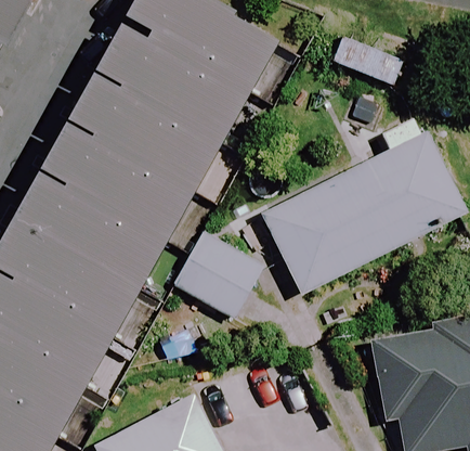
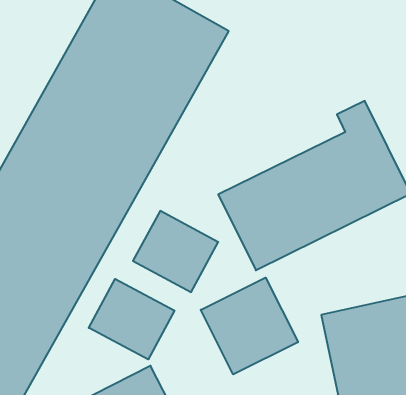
building: none -> [201,278,298,374]
building: none -> [89,279,174,359]

